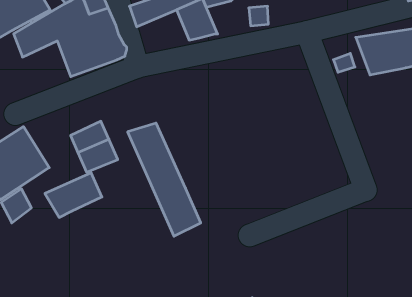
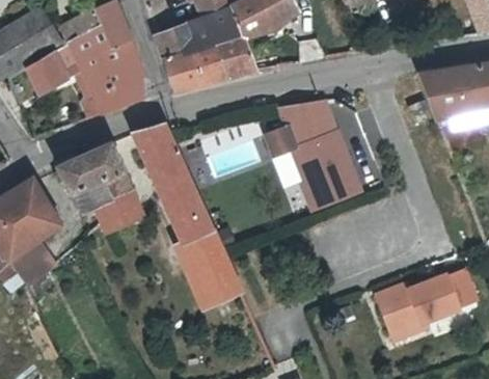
building: none -> [165,42,226,90]
building: none -> [266,116,358,202]
building: none -> [133,124,188,184]
building: [45,173,102,217] -> [57,143,124,195]
building: none -> [376,270,479,340]

